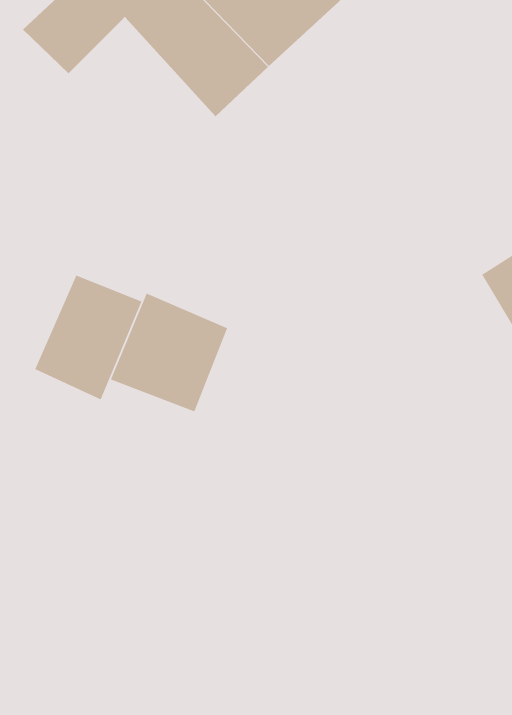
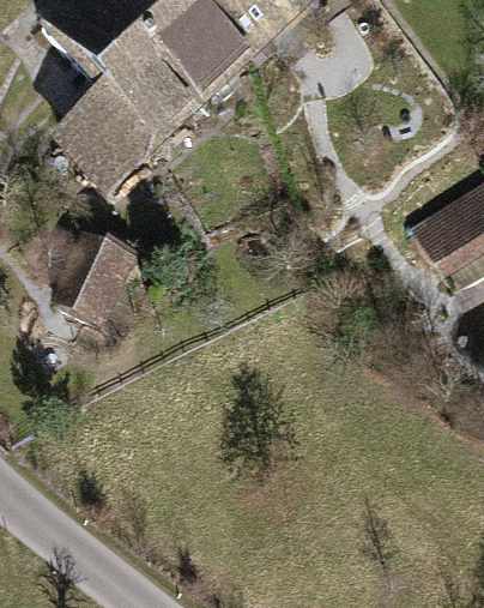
building: none -> [62,19,195,187]
building: [110,293,228,412] -> none

